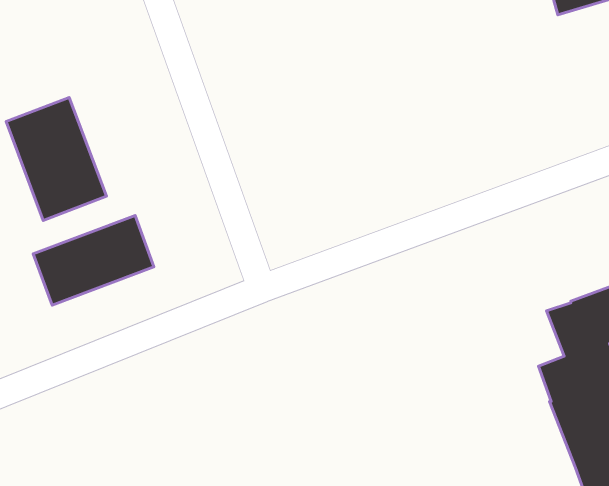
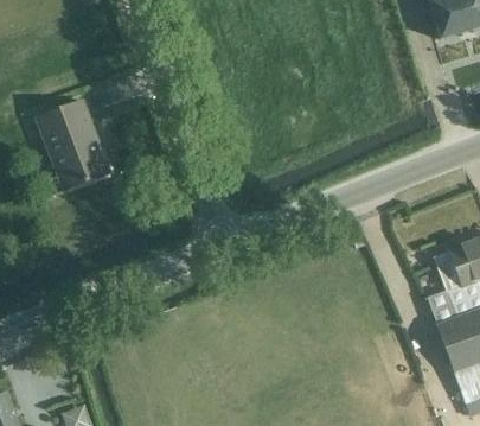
building: [33,215,154,305] -> none

